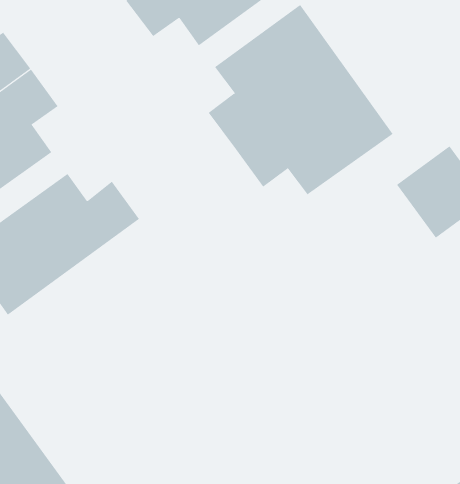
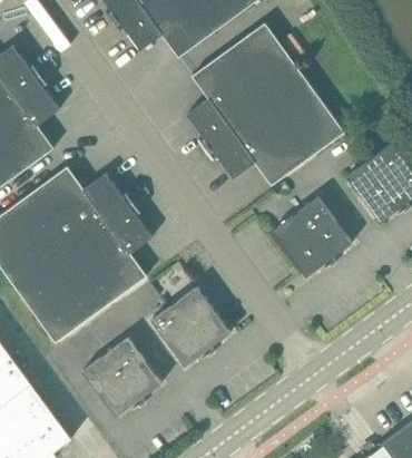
building: none -> [273,197,353,276]
building: none -> [17,205,153,342]
building: none -> [151,286,232,367]
building: none -> [82,338,161,417]

